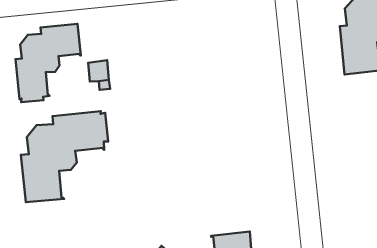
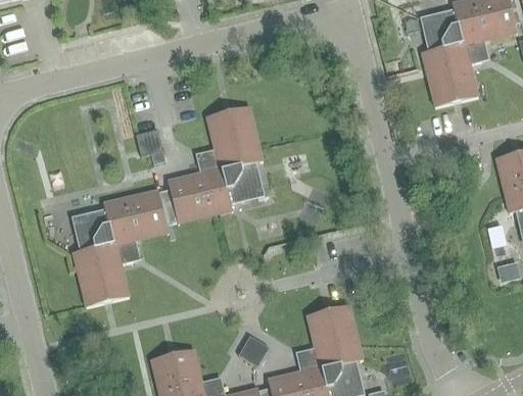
building: [16,24,81,102] -> none
building: none -> [163,105,263,222]

